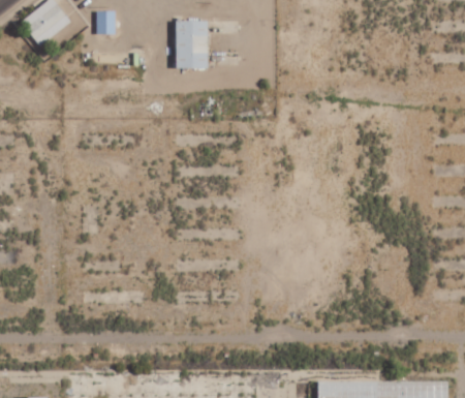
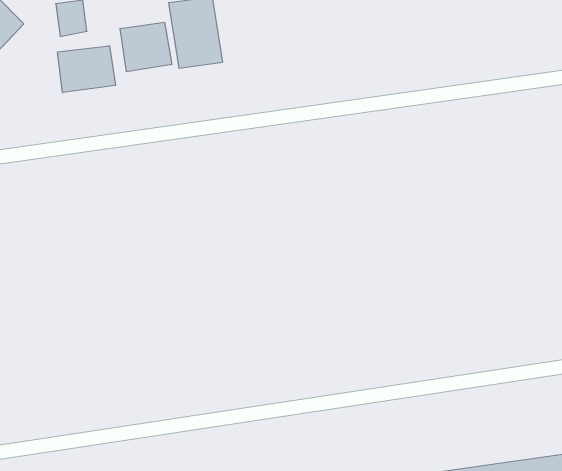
building: none -> [120,22,172,72]
building: none -> [58,46,115,93]

